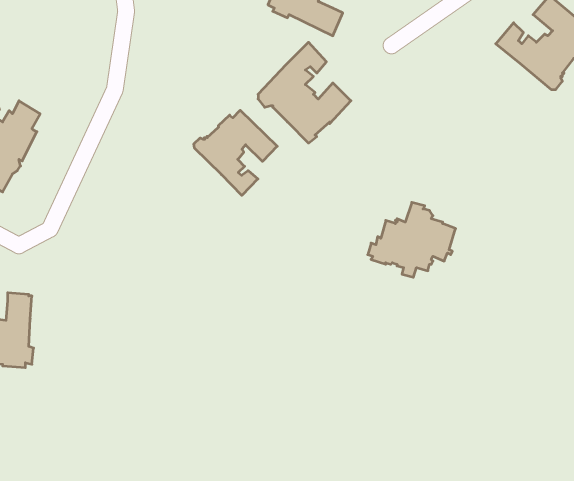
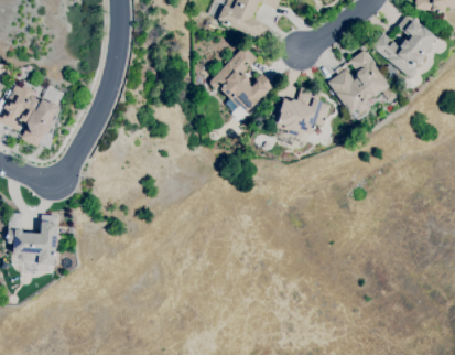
building: none -> [328,50,390,114]
building: [194,110,277,195] -> none
building: [368,202,456,277] -> [272,87,332,138]

